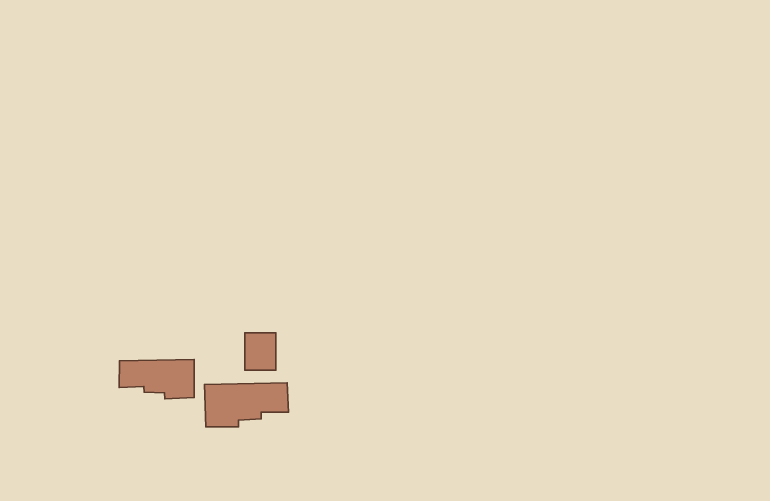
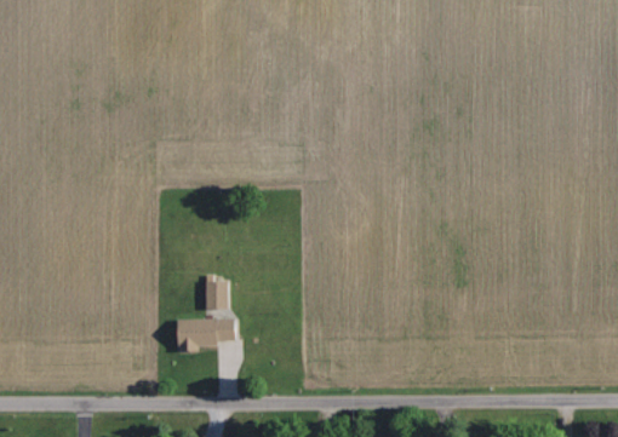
building: [119,359,194,399] -> none

